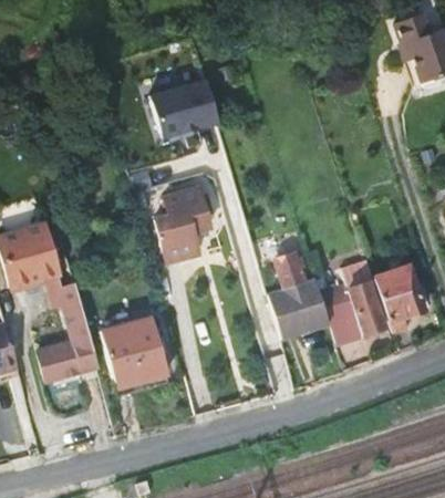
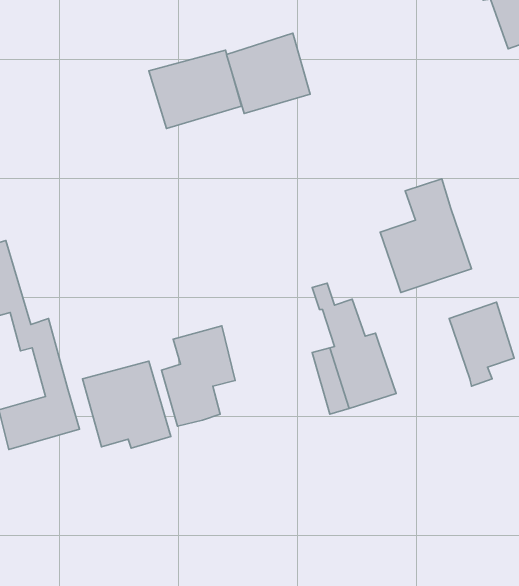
building: none -> [227,33,310,114]
building: [153,187,208,262] -> [161,326,235,426]
building: [323,260,392,345] -> [380,179,471,292]

